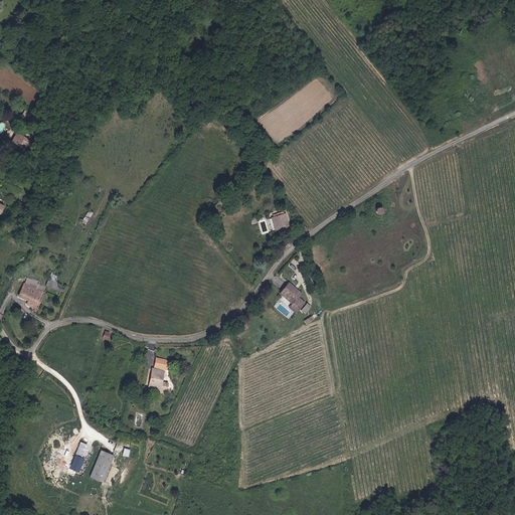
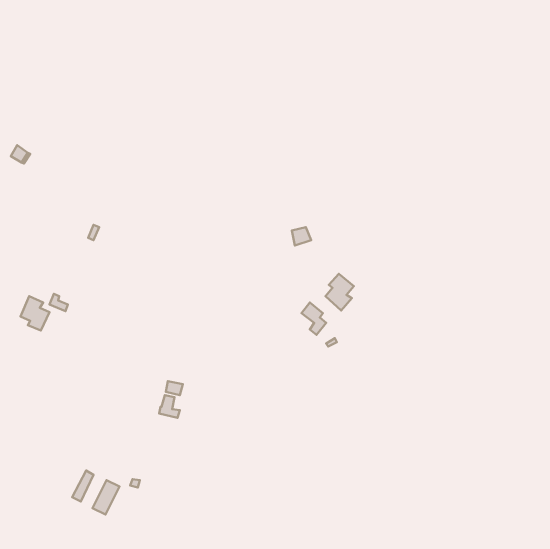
building: none -> [325,274,354,311]

